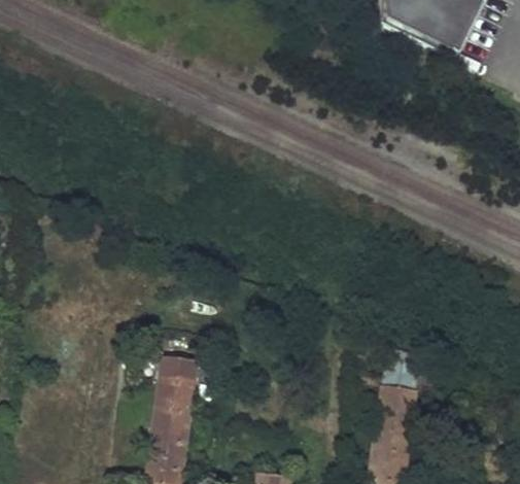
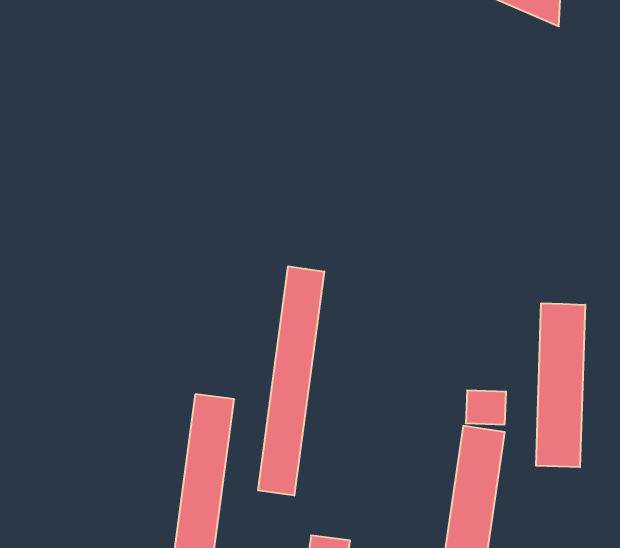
building: none -> [258,266,324,496]
building: none -> [536,303,585,467]

